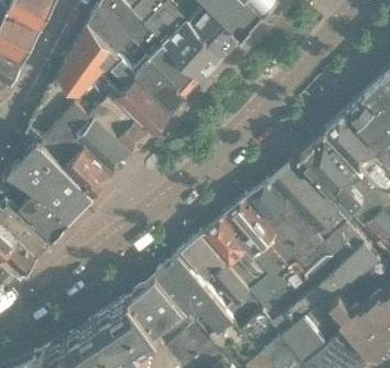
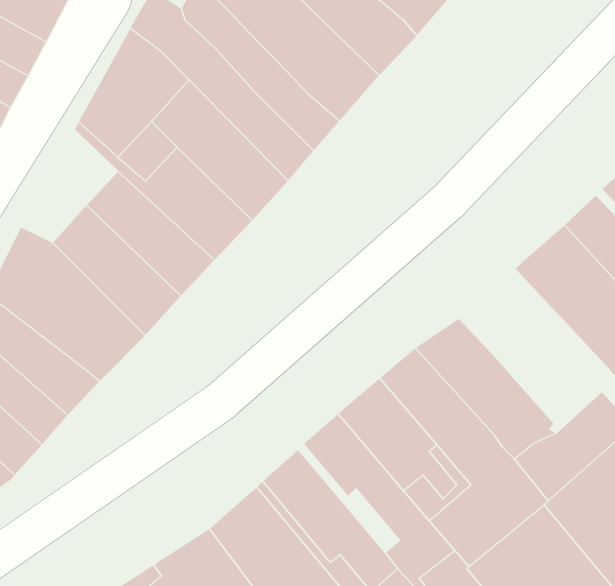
building: [26,84,80,146] -> none
building: [267,168,345,250] -> none

